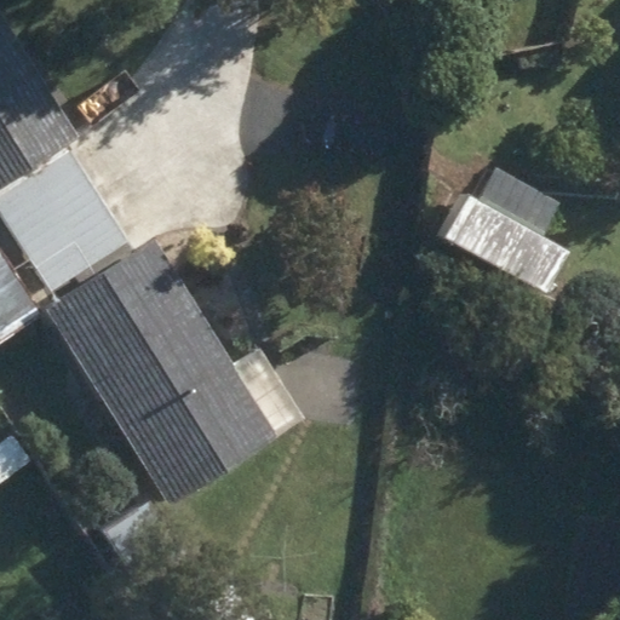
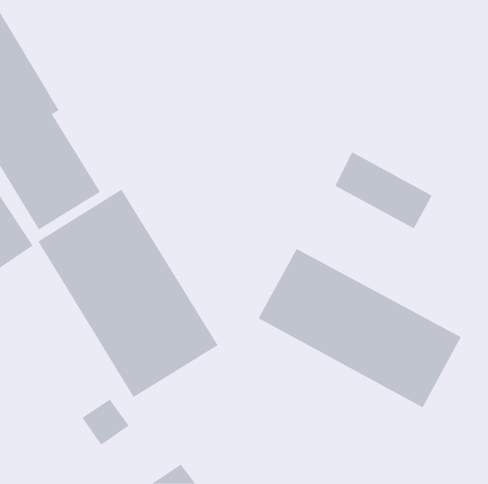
building: none -> [258,248,461,408]

